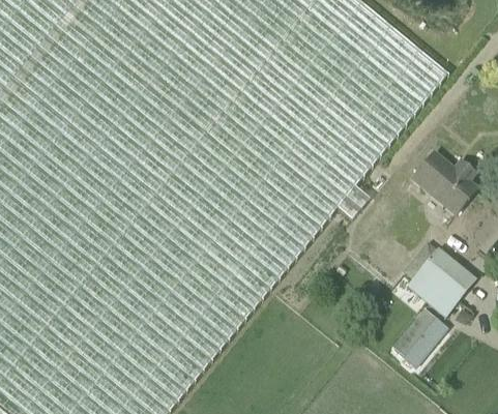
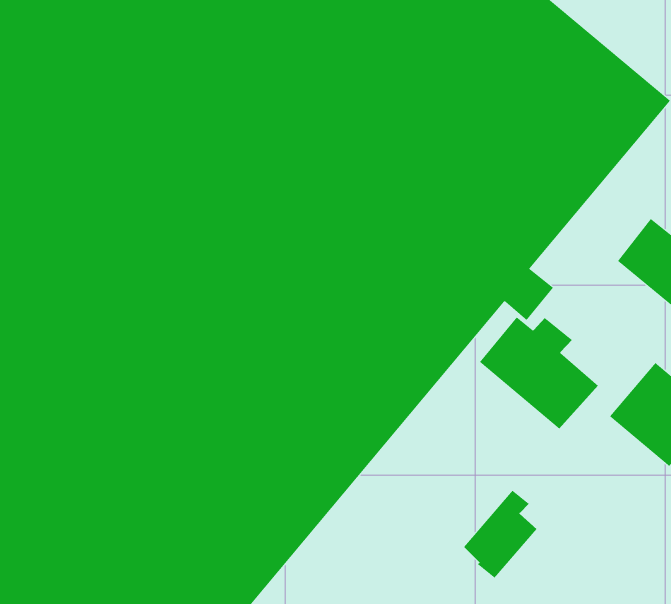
building: none -> [479,317,599,430]
building: [393,309,442,367] -> [463,490,537,578]

